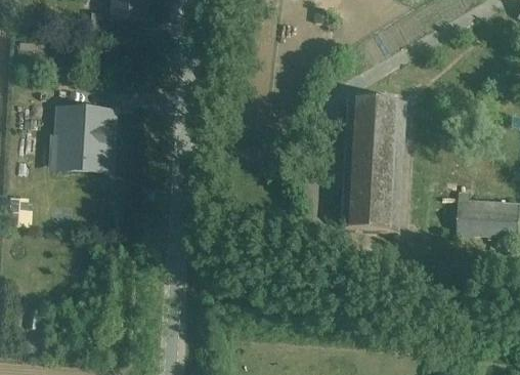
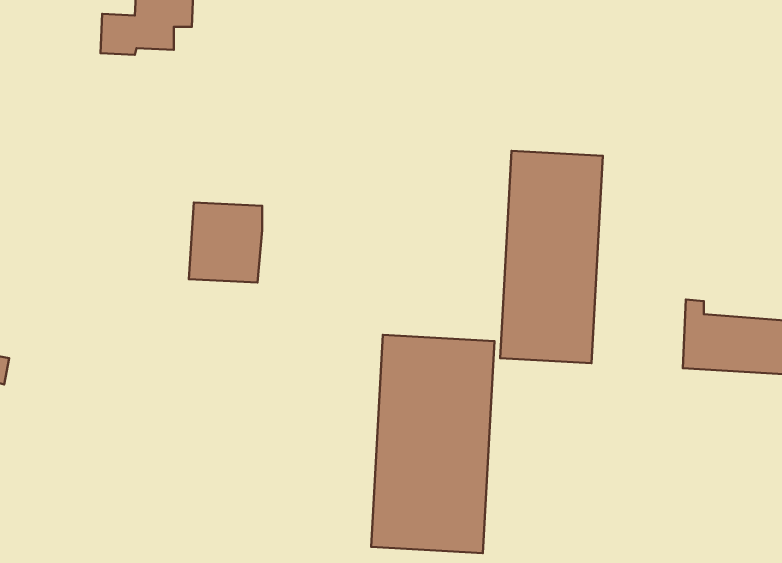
building: [60,113,106,163] -> [189,203,262,282]
building: none -> [371,335,495,553]

